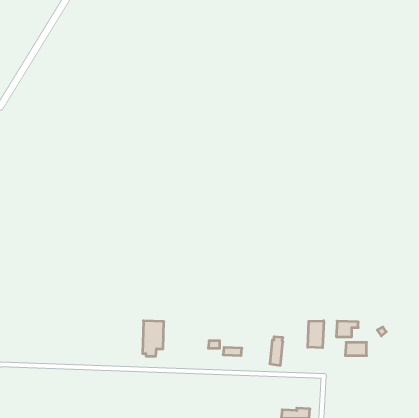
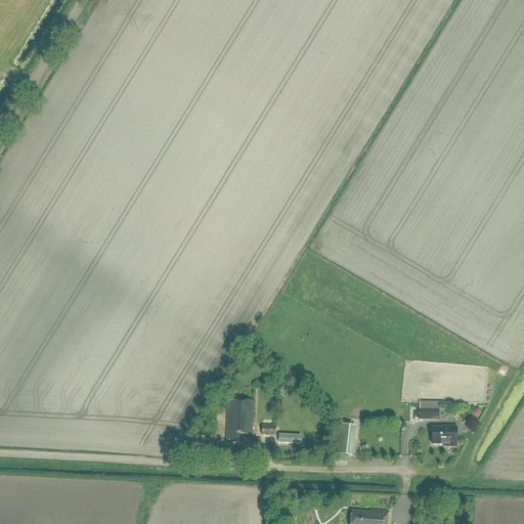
building: [308,321,324,348] -> none
building: [143,321,164,356] -> [225,398,252,442]

